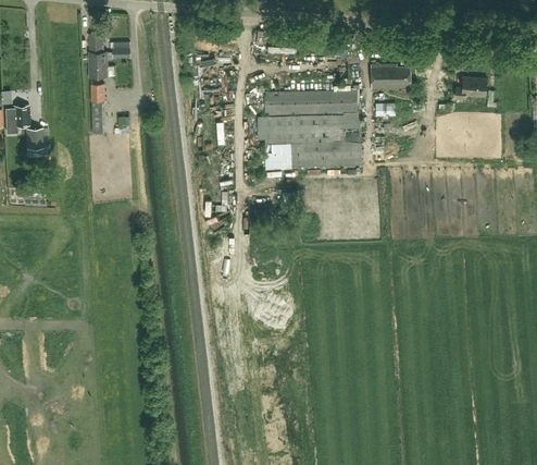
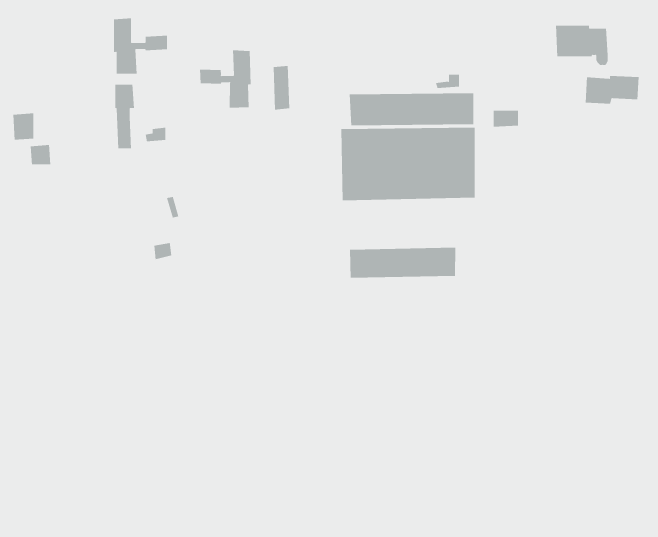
building: none -> [200,49,251,108]
building: [370,63,410,94] -> [555,25,608,65]
building: none -> [349,247,456,279]

